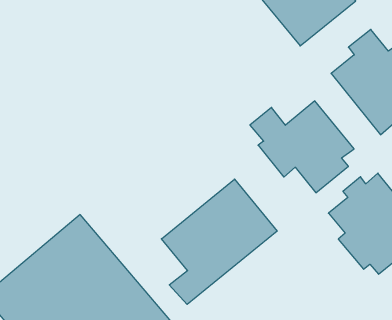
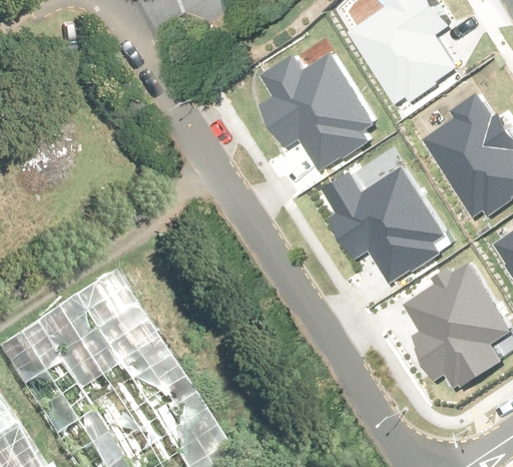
building: none -> [261,55,373,168]
building: [161,179,277,304] -> none

